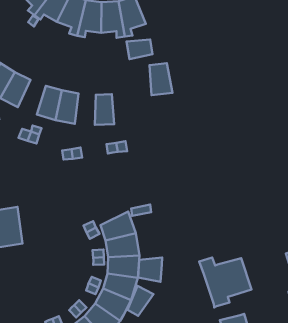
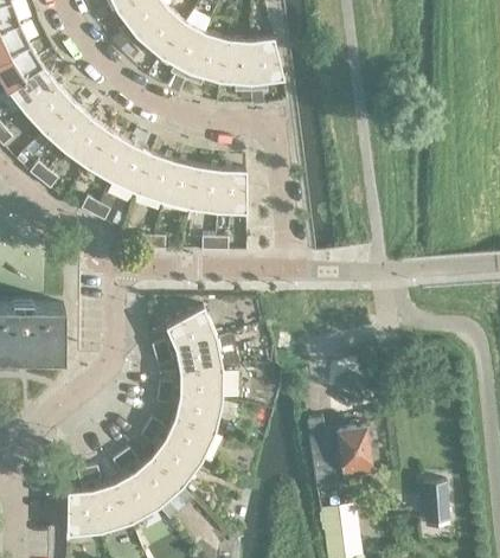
building: [126,39,153,59] -> none
building: [149,63,173,95] -> [217,171,246,214]
building: none -> [86,133,130,182]
building: none -> [162,162,198,210]
building: none -> [166,308,217,351]
building: [138,257,162,282] -> none
building: [127,286,153,316] -> none

